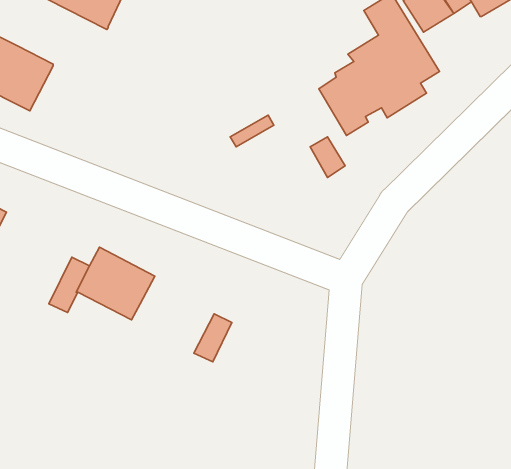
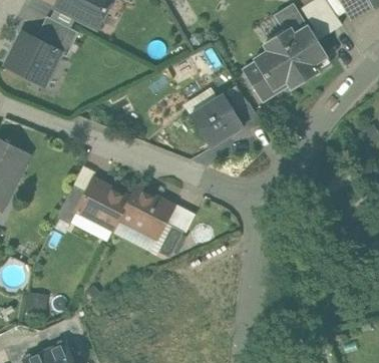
building: none -> [35,16,79,56]
building: none -> [188,94,241,146]
building: none -> [120,188,173,237]

